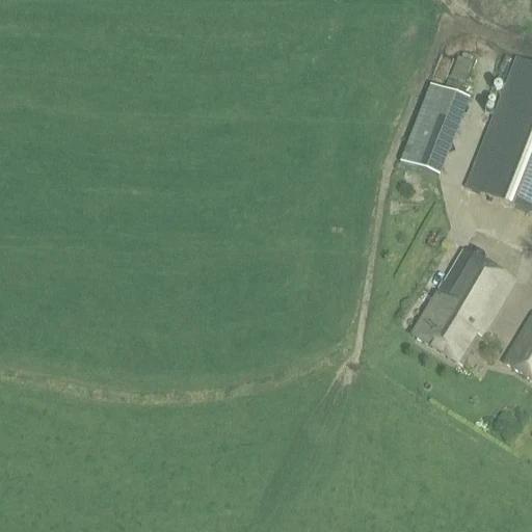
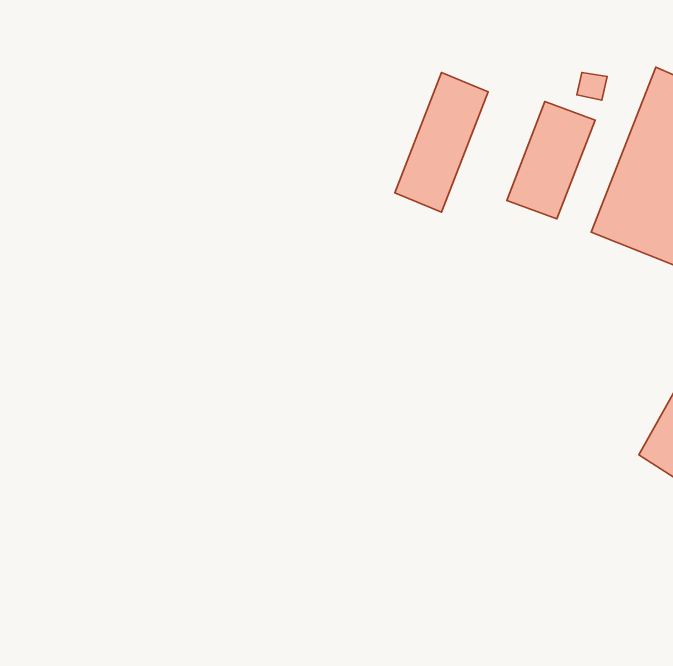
building: none -> [395,73,488,212]
building: [413,246,514,363] -> none

